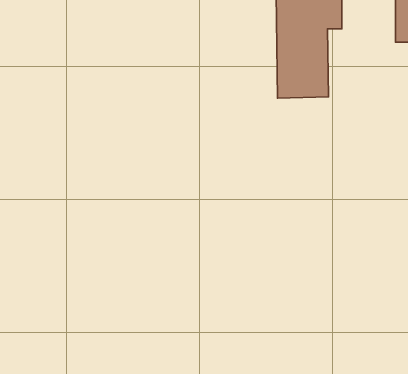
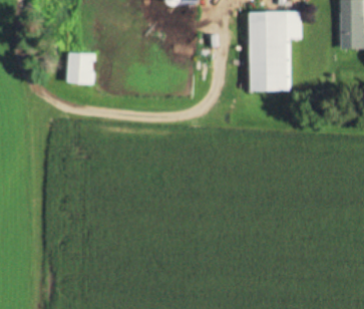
building: none -> [66,53,94,85]

